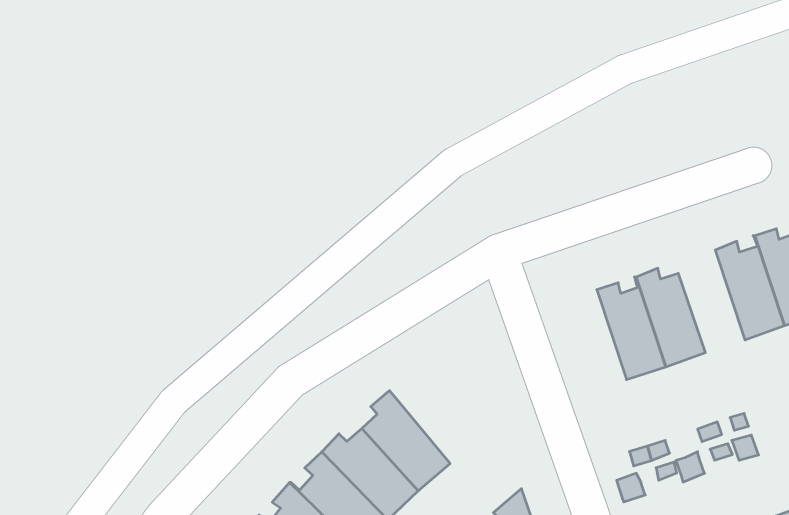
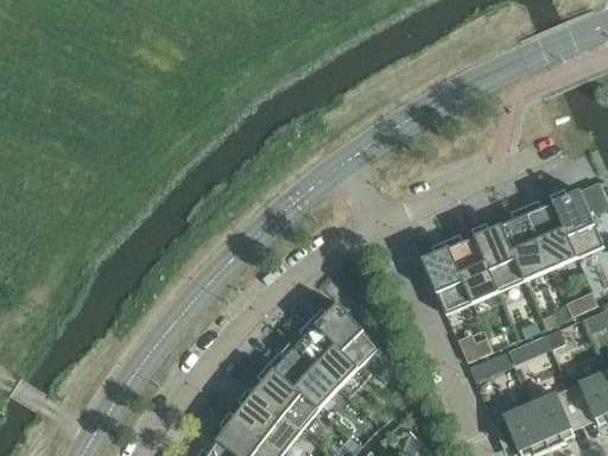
building: none -> [501,208,550,278]
building: none -> [422,241,471,312]
building: none -> [311,304,378,367]

